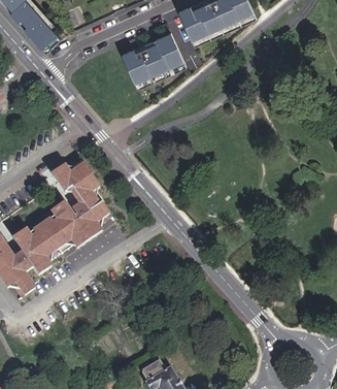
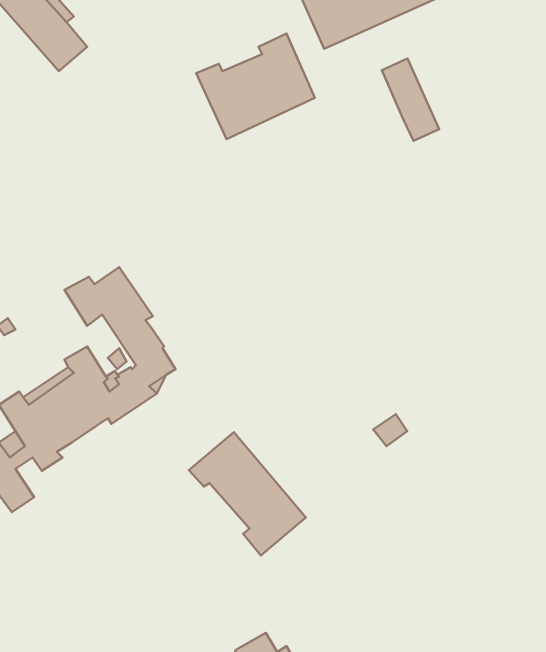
building: none -> [382,58,439,141]
building: none -> [189,432,306,555]

